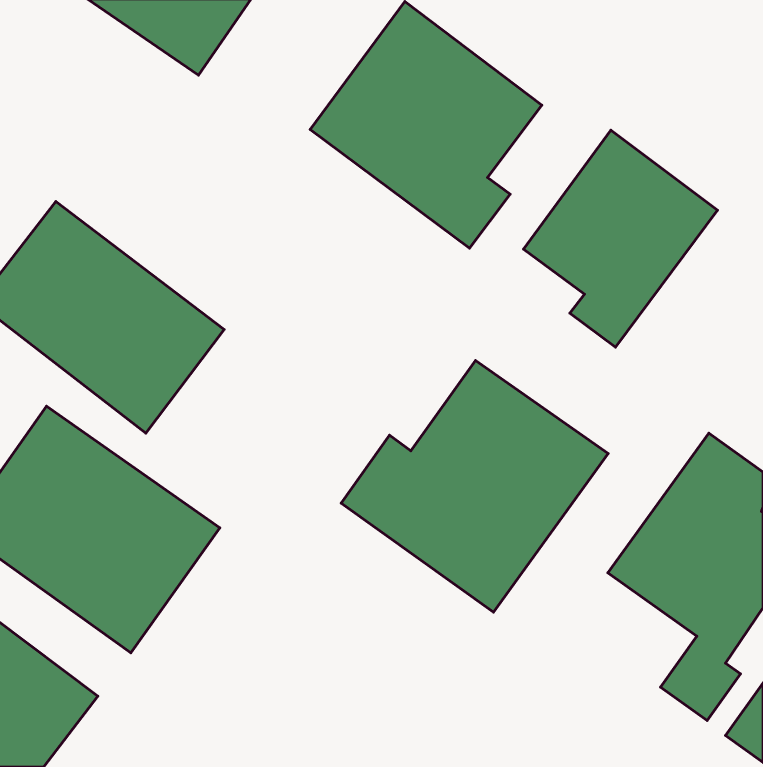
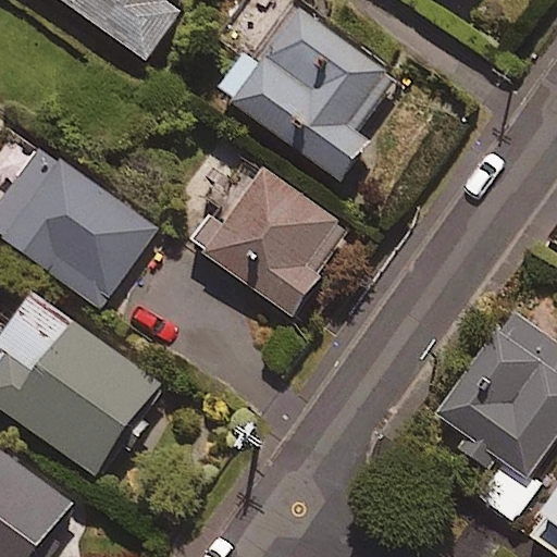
building: [524,130,717,347] -> none
building: none -> [190,152,350,314]
building: [341,361,608,612] -> none

